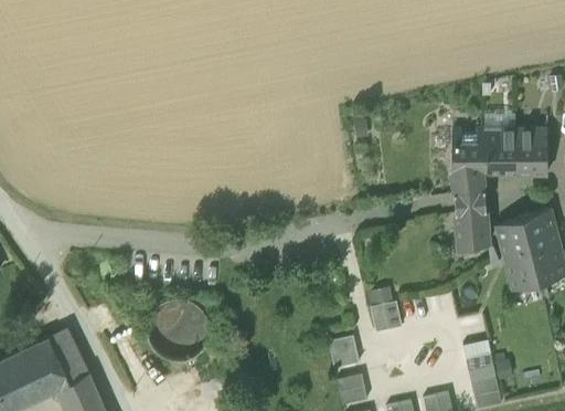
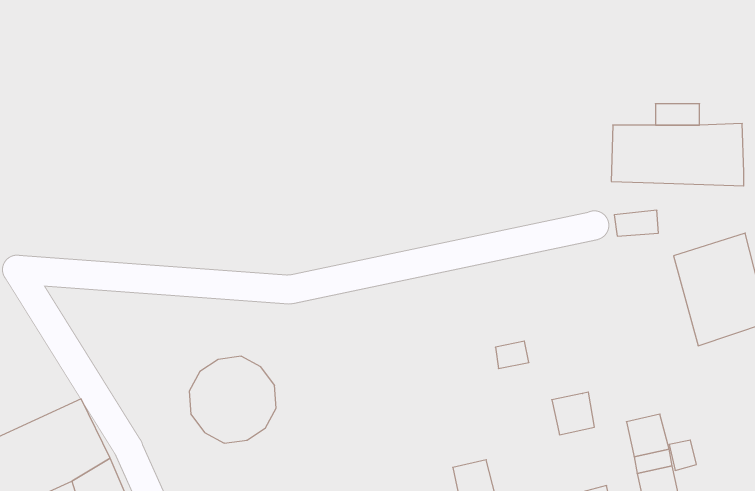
building: [451,171,484,196] -> none
building: [456,209,488,252] -> none
building: [370,302,401,333] -> [552,392,594,435]
building: [328,336,359,368] -> none

